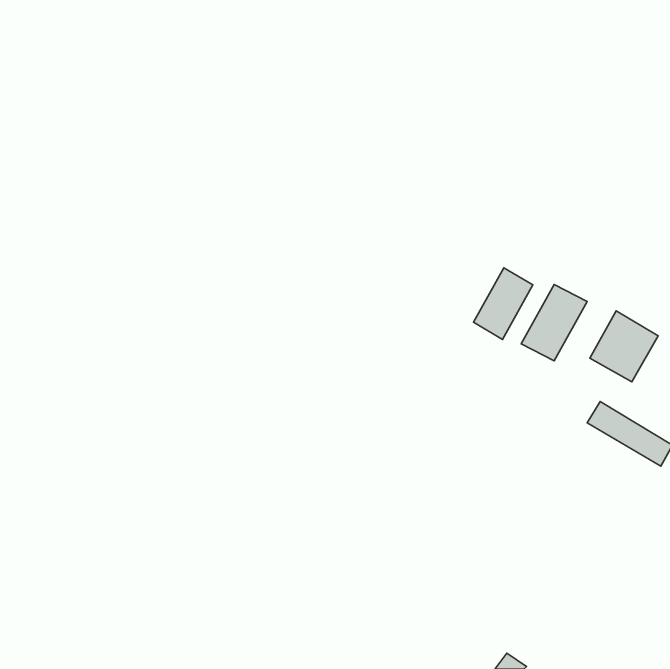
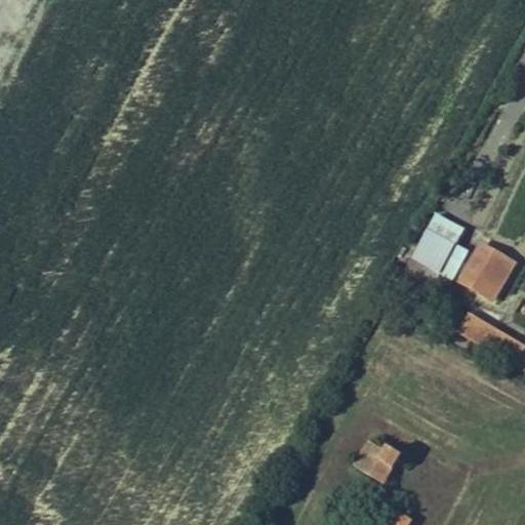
building: [473,268,533,340] -> none
building: none -> [355,440,401,481]

